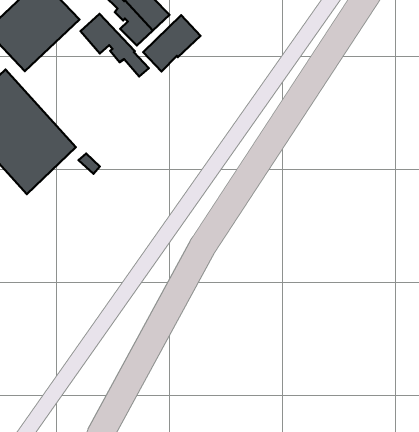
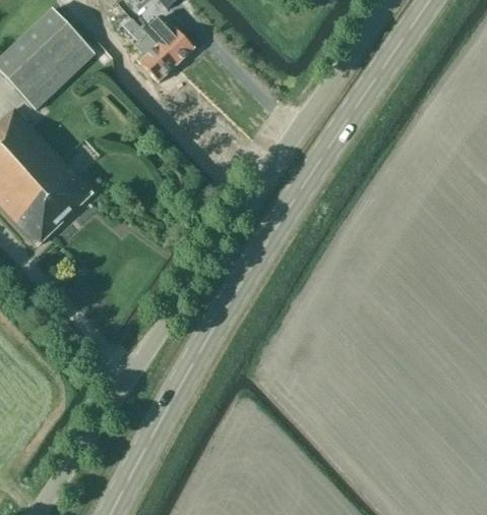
building: [81,14,149,76] -> none
building: [143,15,201,72] -> none

